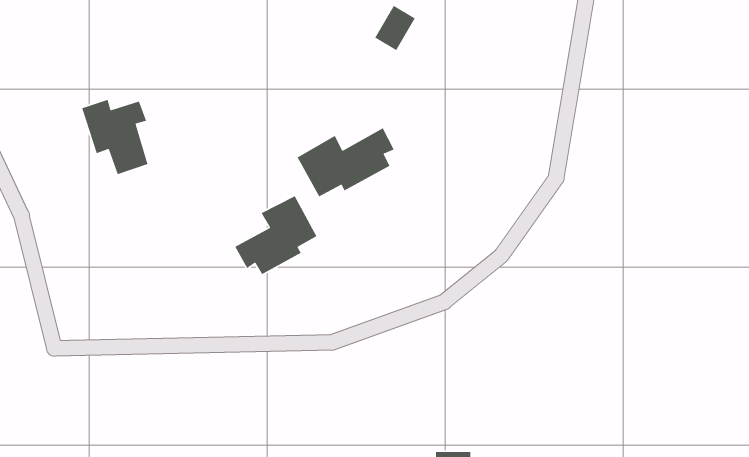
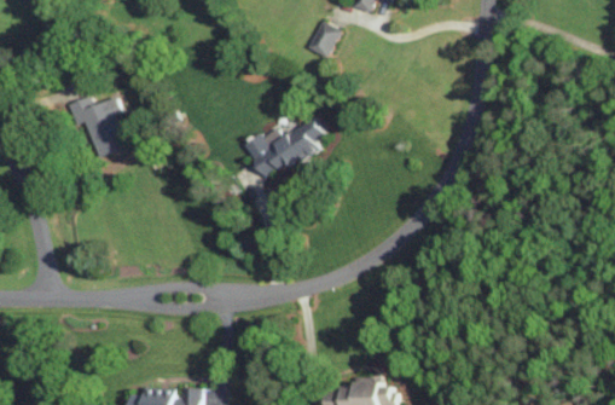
building: [234,195,318,275] -> none

